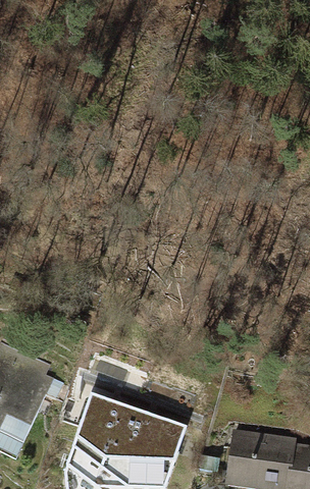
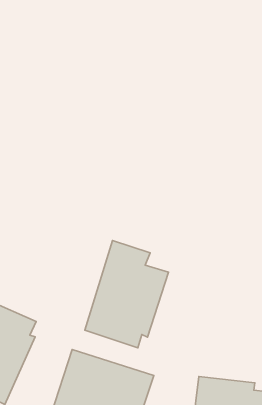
building: none -> [85,240,168,348]

